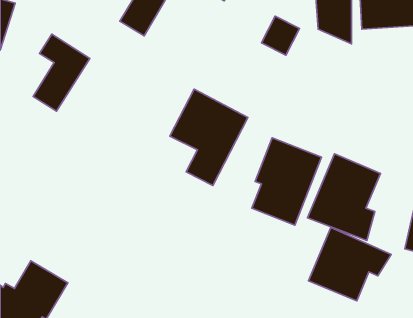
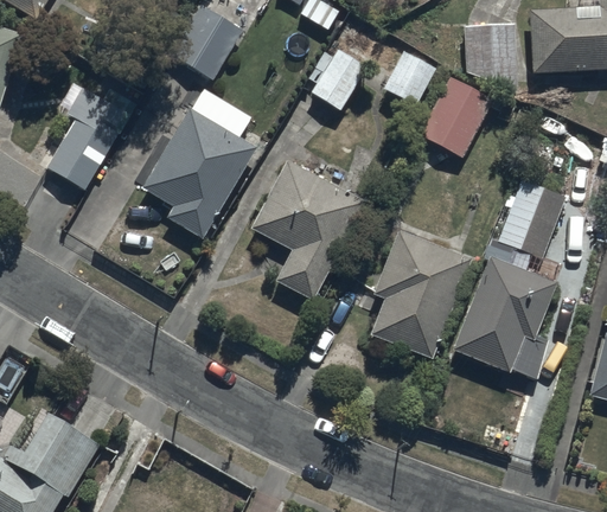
building: none -> [300,47,366,109]
building: none -> [416,75,492,158]
building: none -> [141,105,256,236]
building: none -> [494,178,566,258]
building: [308,228,391,301] -> none

